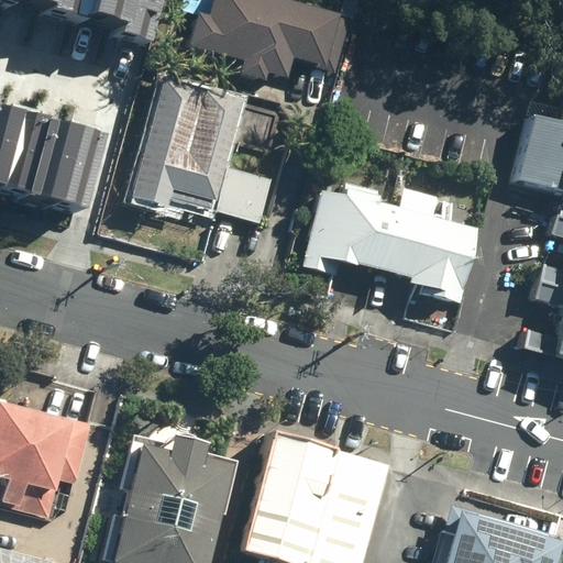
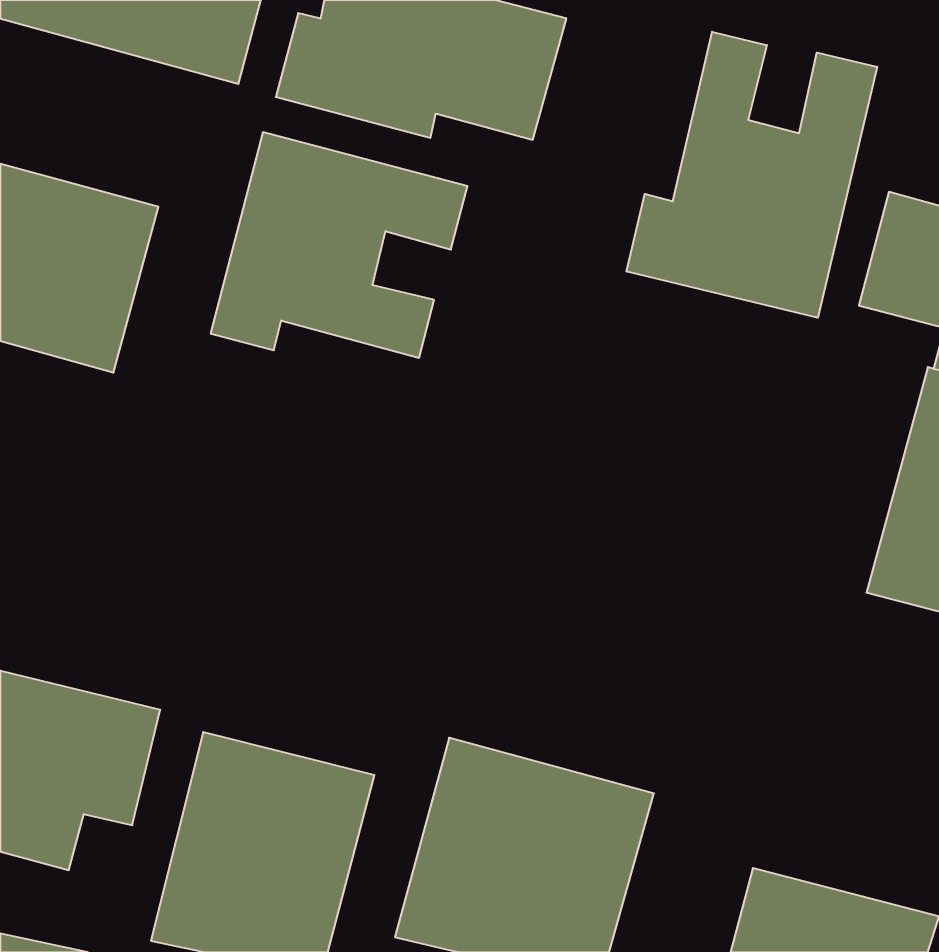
building: none -> [627,32,877,318]
building: [308,192,477,295] -> none

